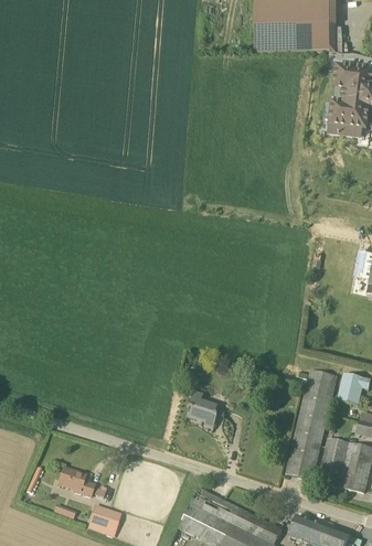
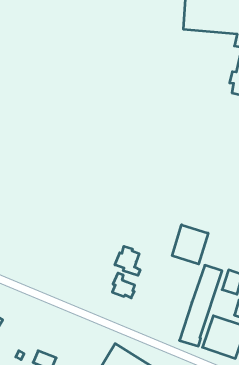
building: none -> [172,225,208,264]
building: none -> [115,246,140,275]
building: [59,468,95,496] -> none

